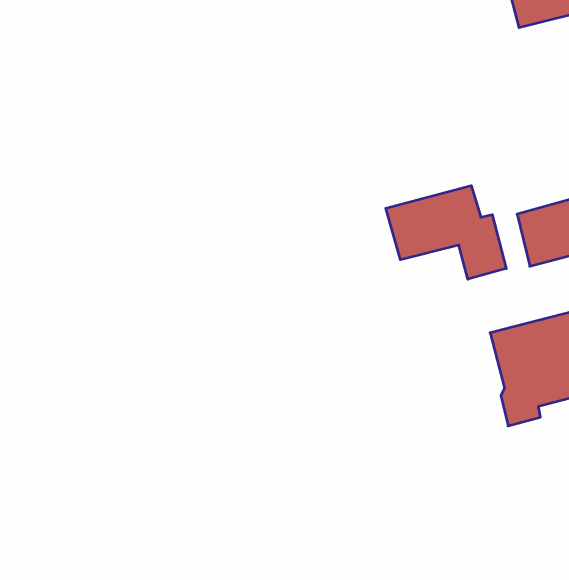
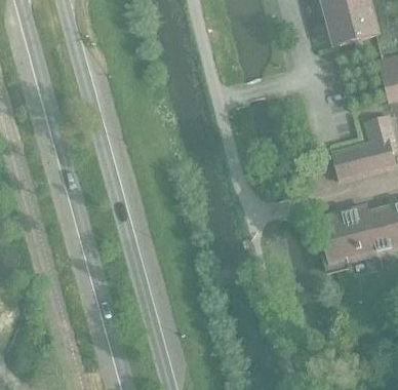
building: [386,186,506,279] -> none

